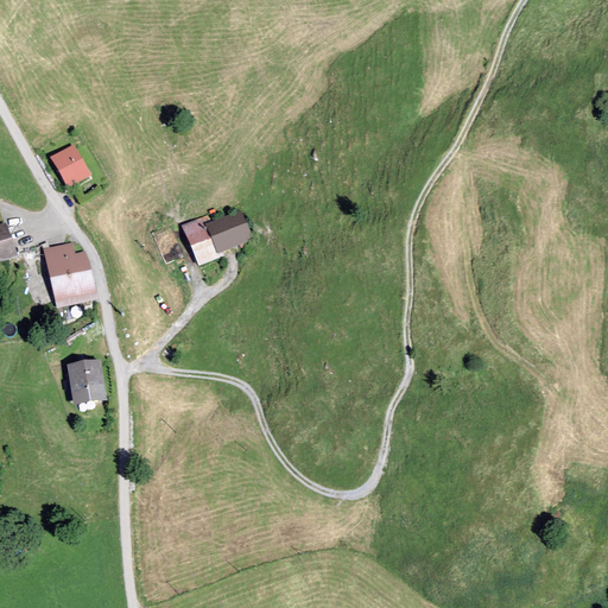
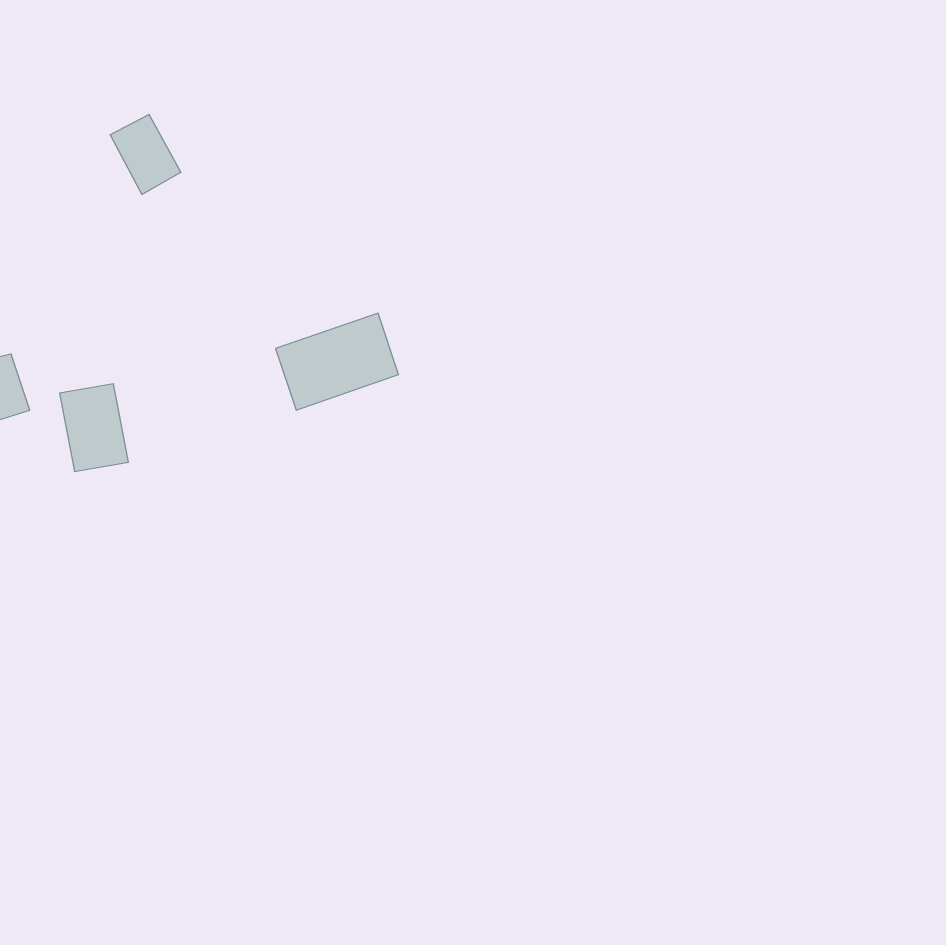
building: [51,141,96,192] -> [110,114,181,195]
building: [69,360,108,406] -> none

